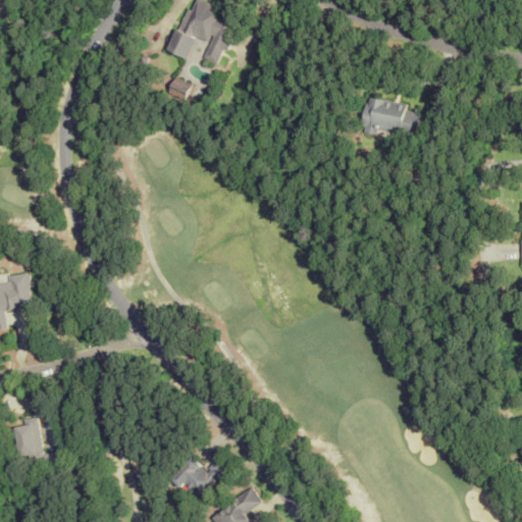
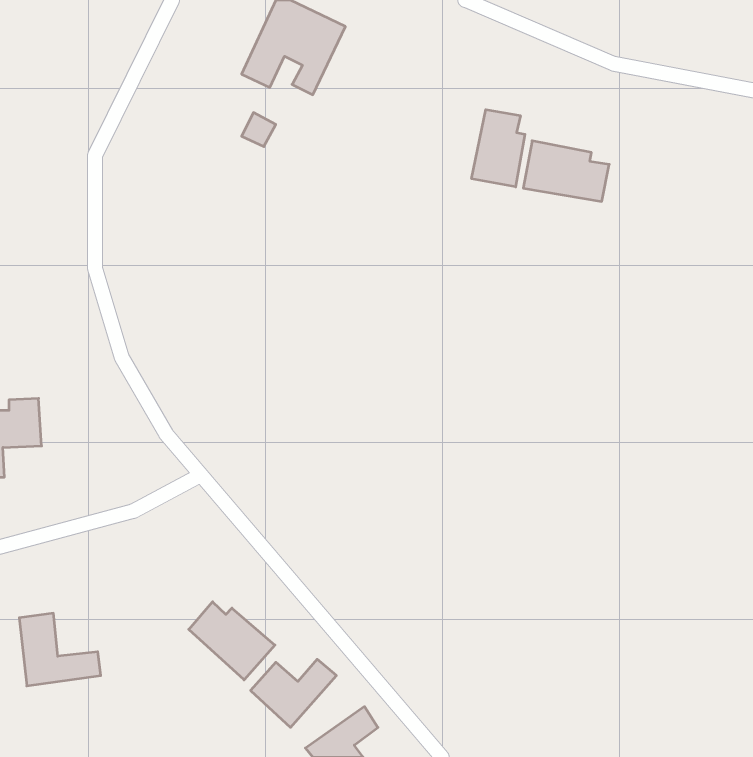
building: none -> [472,110,525,187]
building: none -> [189,602,275,680]

